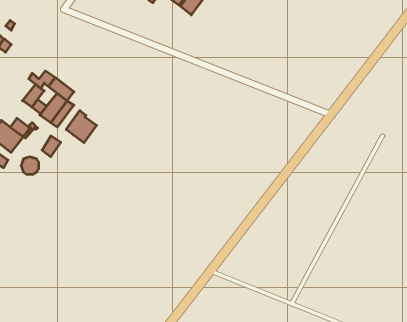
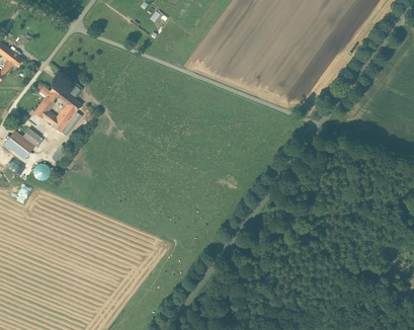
building: [66,111,97,143] -> none

